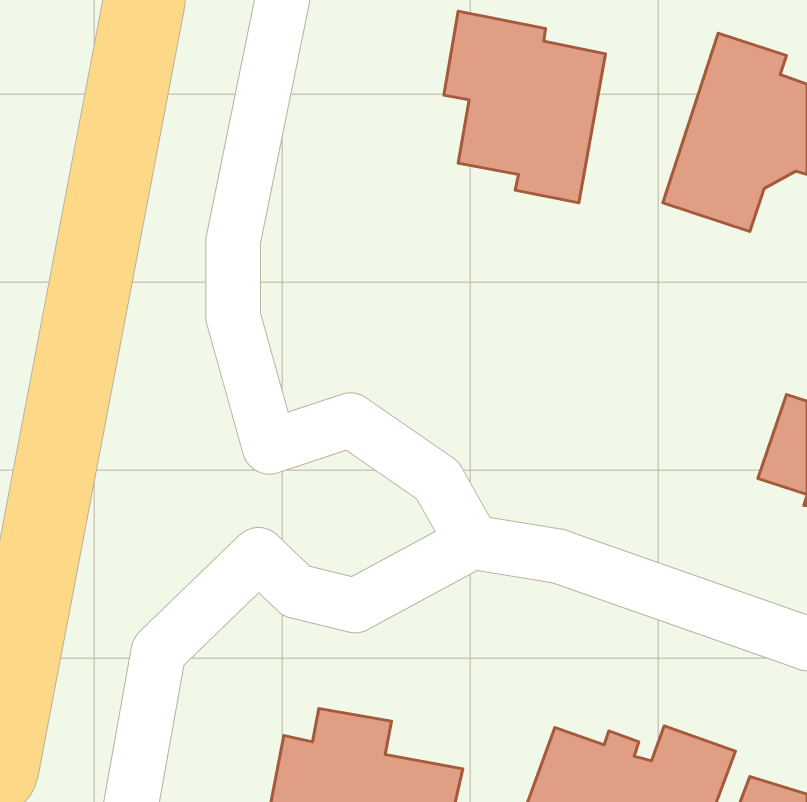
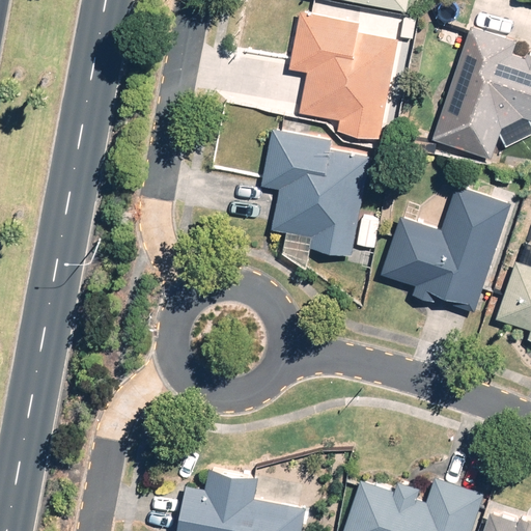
building: none -> [260,129,370,255]
building: none -> [382,187,509,311]

